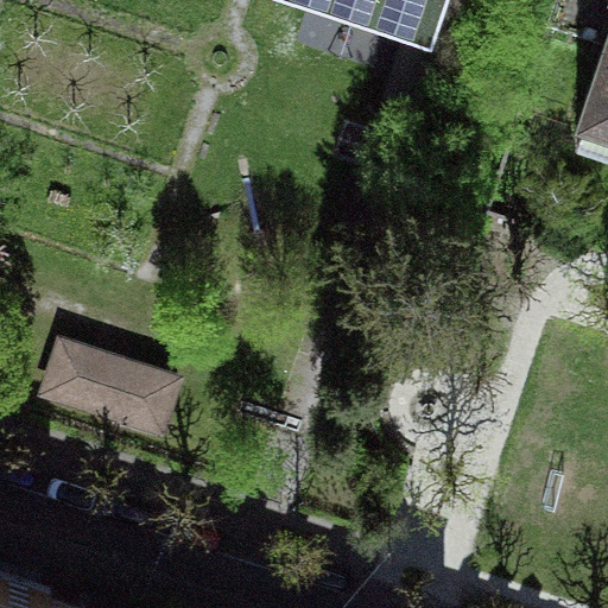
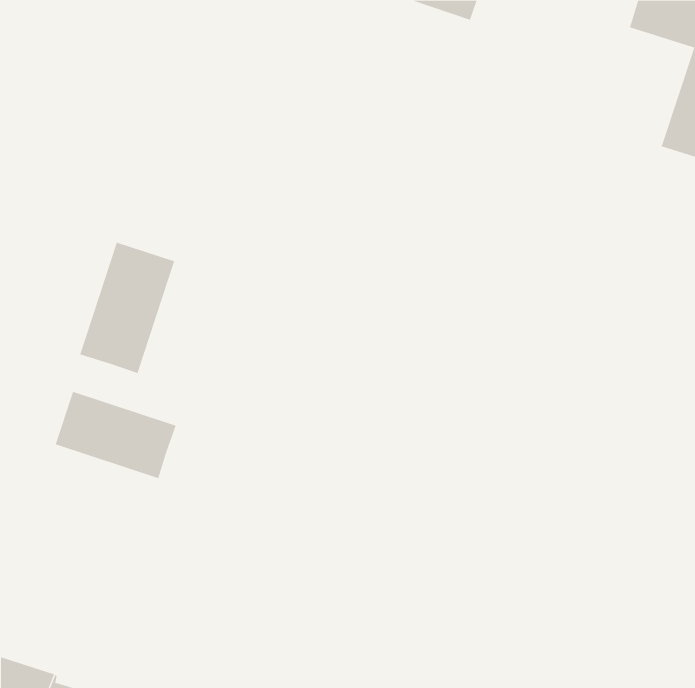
building: none -> [79,242,175,374]

